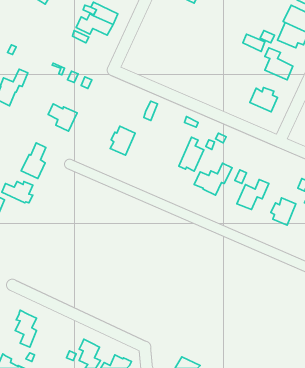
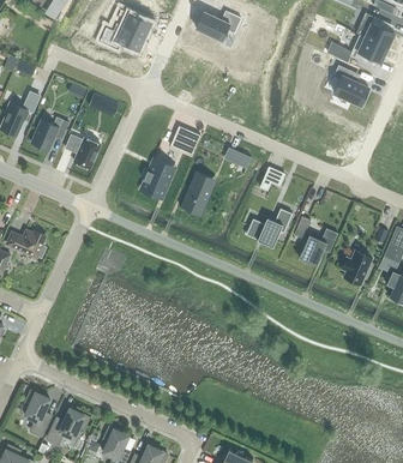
building: none -> [196,11,241,40]
building: [250,88,277,112] -> none
building: none -> [31,116,68,150]
building: [179,137,204,171] -> [180,170,211,212]
building: [21,143,46,178] -> none
building: none -> [47,408,89,443]

